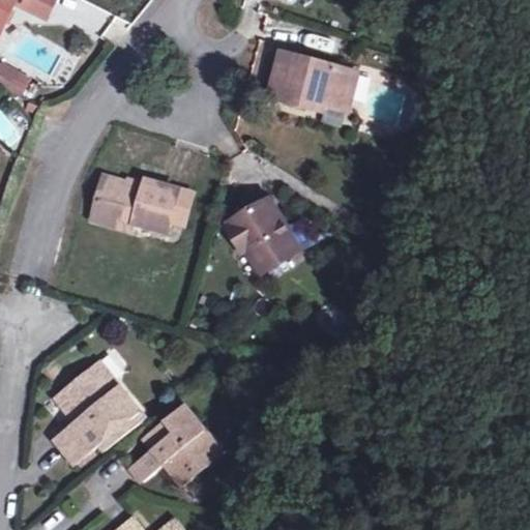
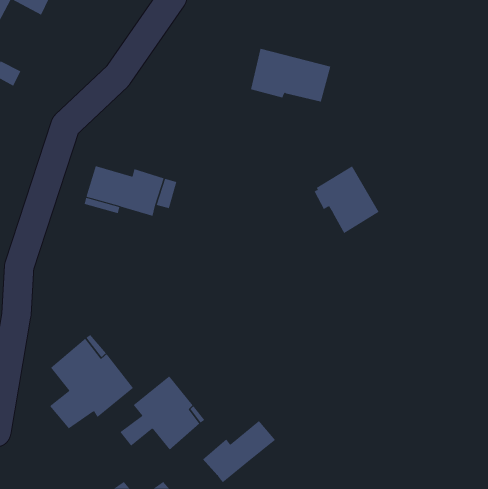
building: [227,198,297,271] -> [314,166,379,234]
building: none -> [202,420,276,483]

